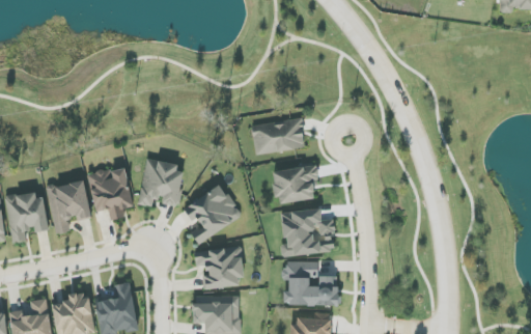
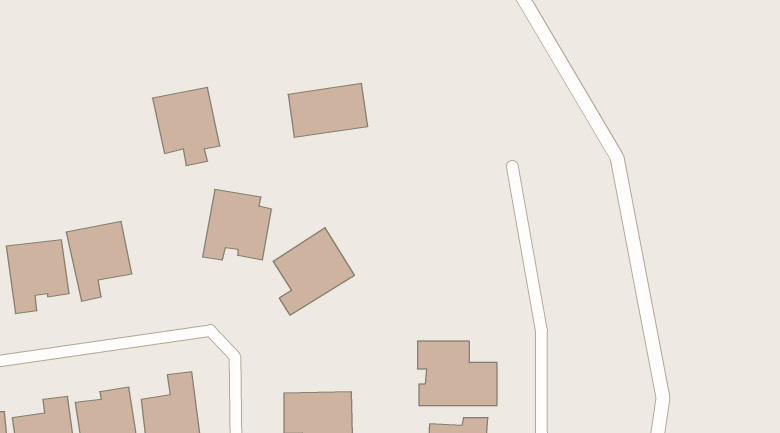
building: [251,117,305,154] -> [288,84,368,137]
building: [272,164,319,203] -> none
building: [87,166,133,219] -> [152,87,220,166]
building: [280,206,335,256] -> none
building: [194,246,244,288] -> none

